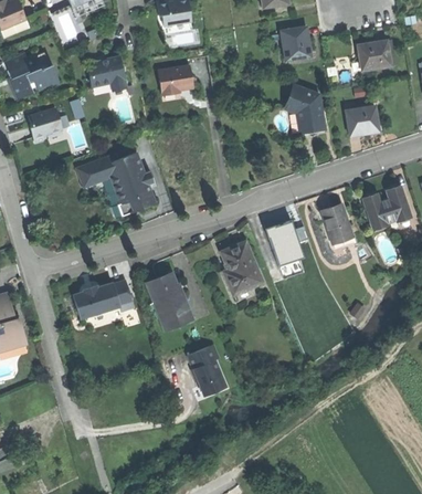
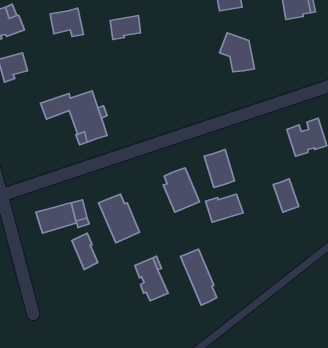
building: [346,104,380,134] -> none
building: [320,204,350,243] -> [273,179,299,212]
building: none -> [205,194,243,222]
building: none -> [72,233,98,269]
building: none -> [181,249,217,305]

